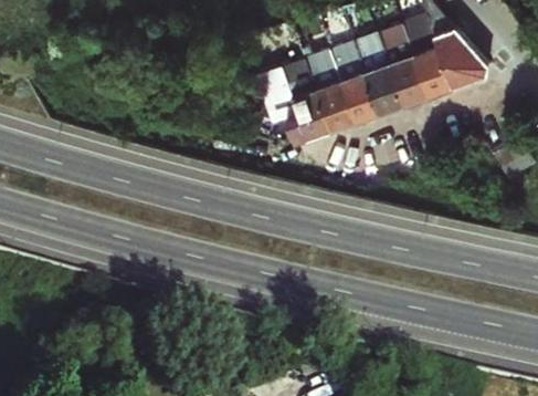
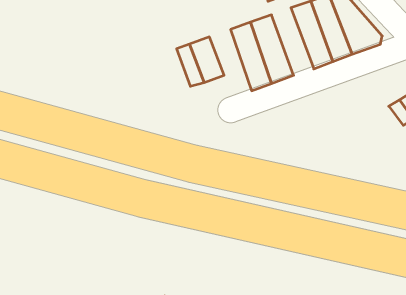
building: [356,32,407,114] -> none
building: [281,59,331,140] -> none

